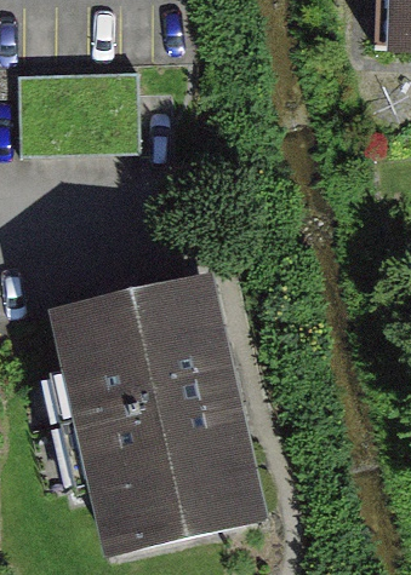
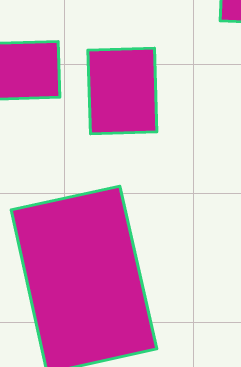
building: none -> [88,48,157,134]

